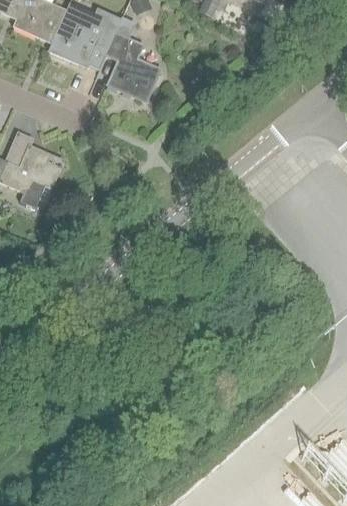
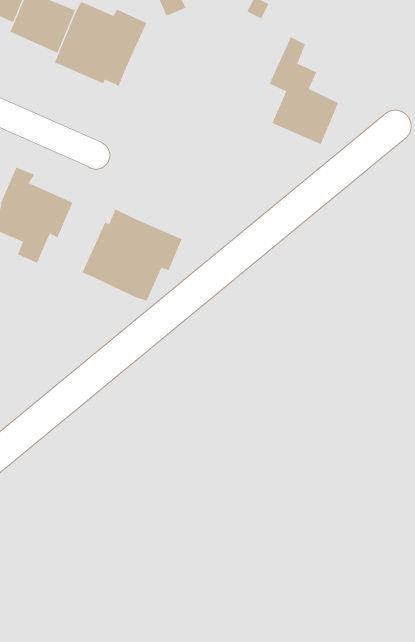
building: [105,17,160,102] -> [269,37,339,145]
building: none -> [82,209,183,302]

